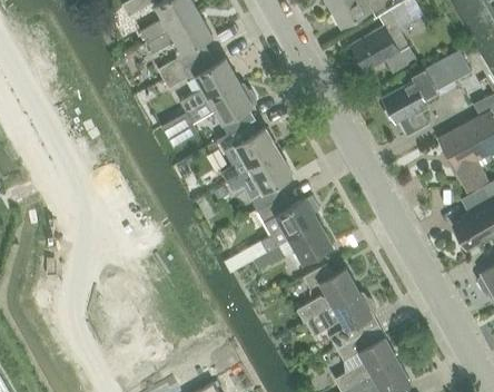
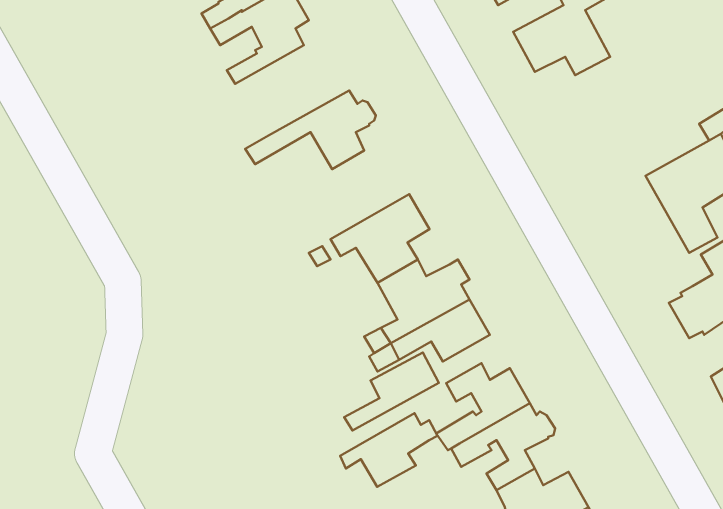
building: [381,51,470,135] -> none
building: [165,53,240,114] -> none
building: [220,124,280,183] -> none
building: none -> [344,353,439,430]
building: none -> [340,413,437,487]

